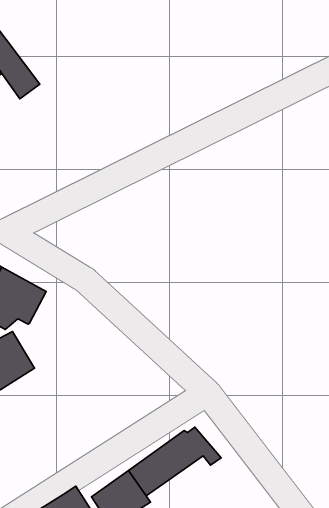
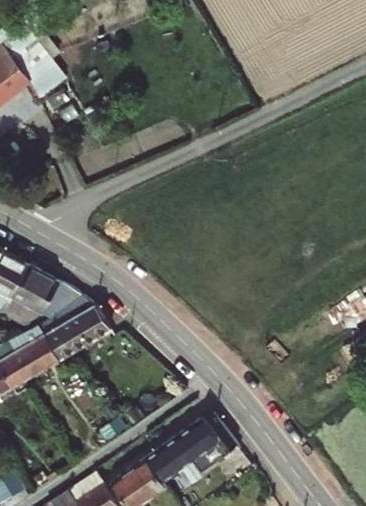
building: none -> [33,290,107,363]

